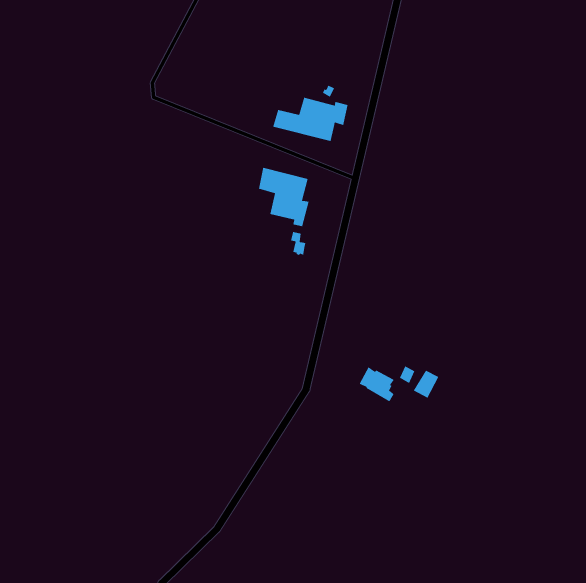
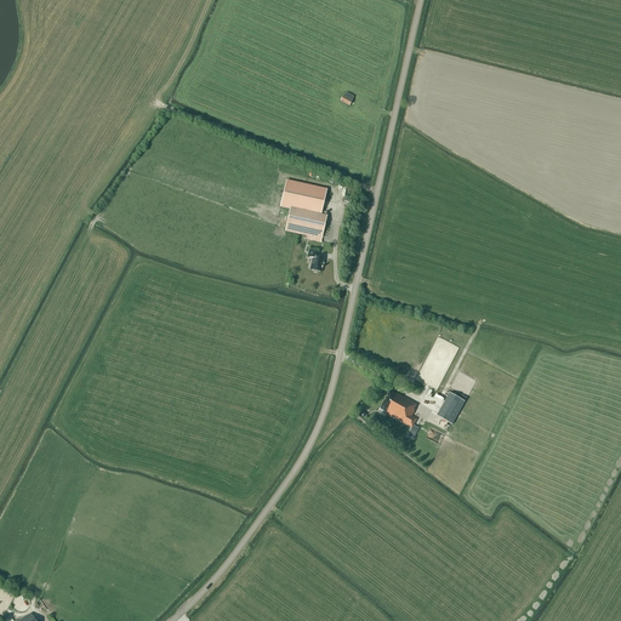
building: [272,97,348,142] -> none

